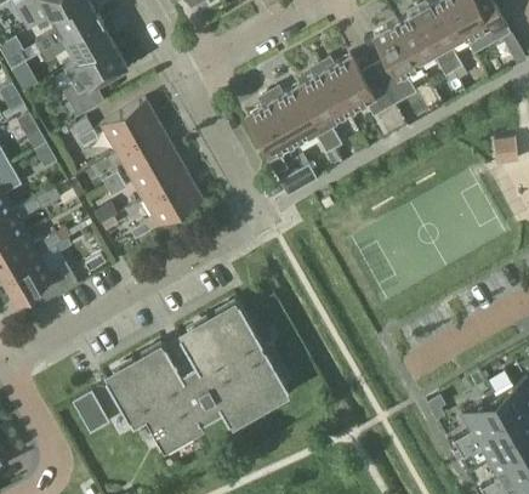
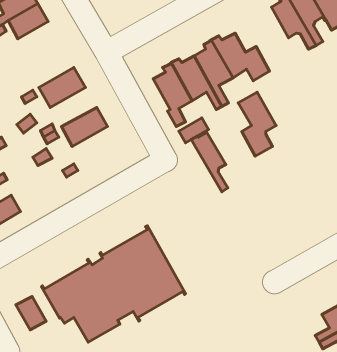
building: [372,23,421,104] -> [238,92,276,156]
building: [62,41,126,117] -> none
building: [115,125,175,175] -> none
building: [143,175,203,226] -> none
building: none -> [191,133,228,192]

